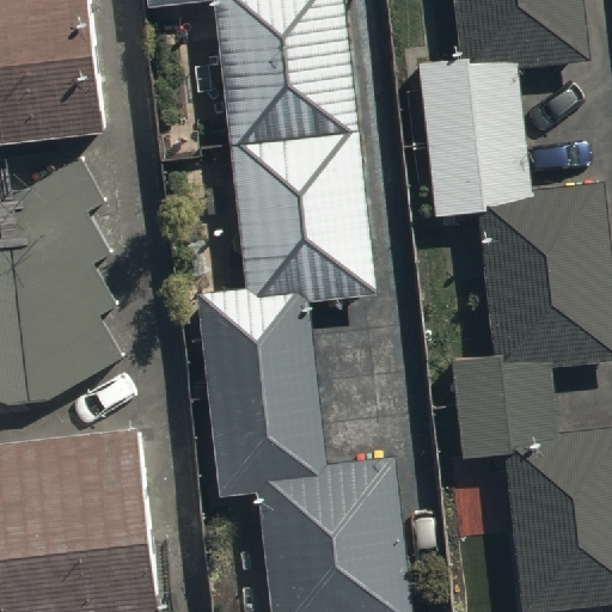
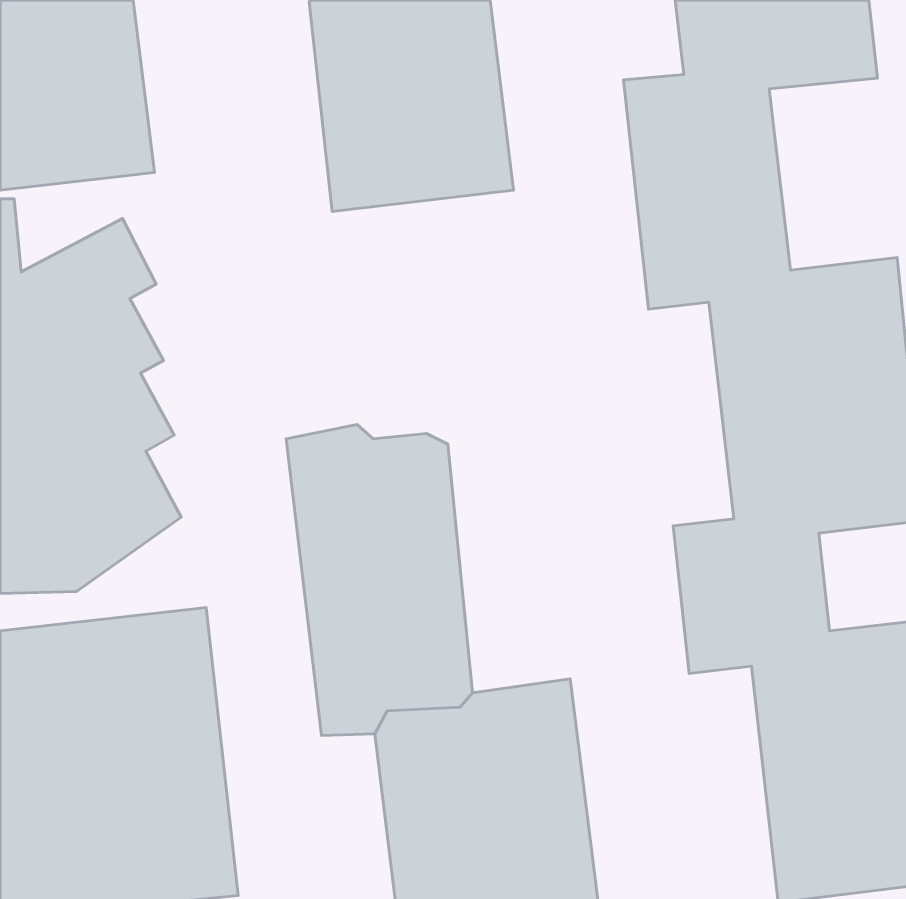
building: [225,134,367,305] -> none

